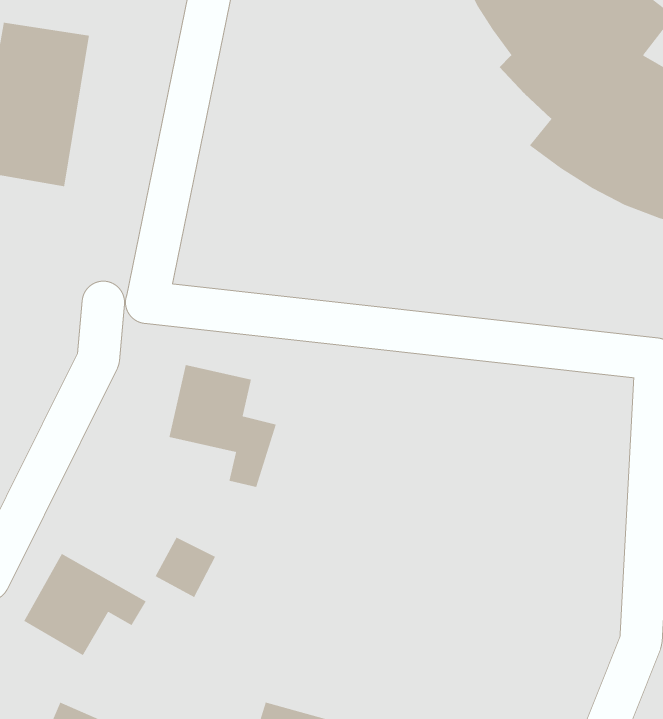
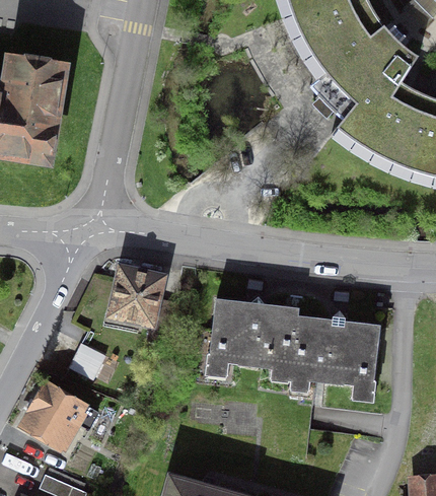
building: none -> [208,298,380,387]
building: [154,537,216,598] -> [68,343,105,380]

